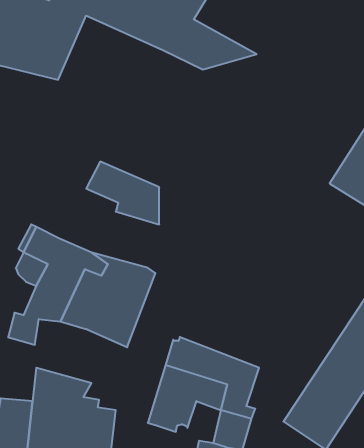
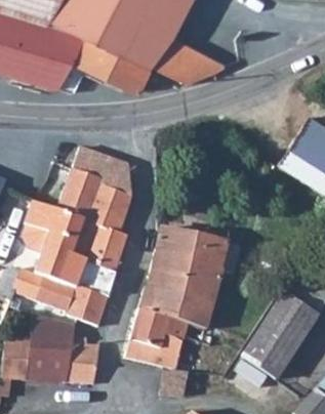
building: none -> [51,33,138,92]
building: none -> [55,171,135,235]
building: none -> [152,233,232,315]
building: none -> [36,276,110,327]

